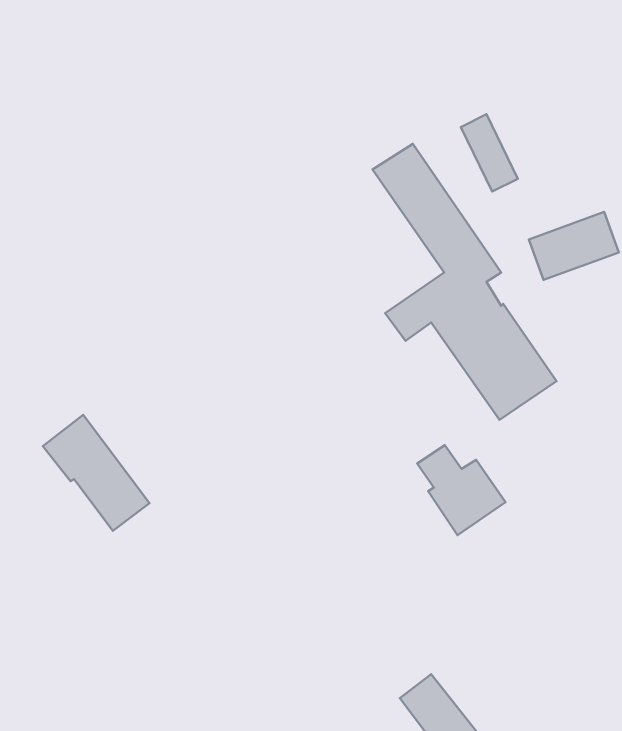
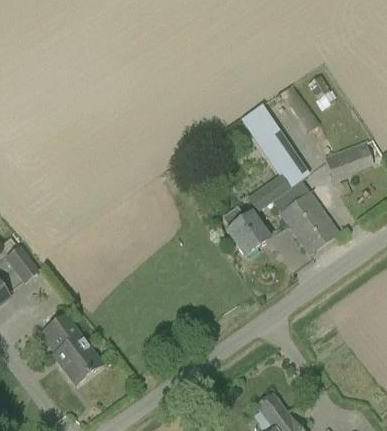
building: [43,415,150,531] -> [43,317,101,380]
building: [417,445,506,535] -> [222,207,270,256]

